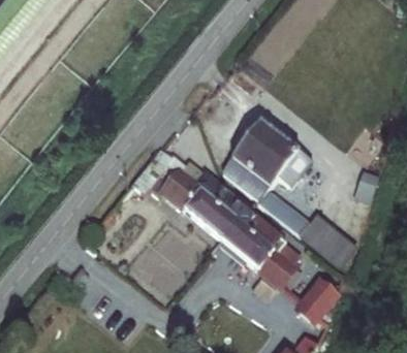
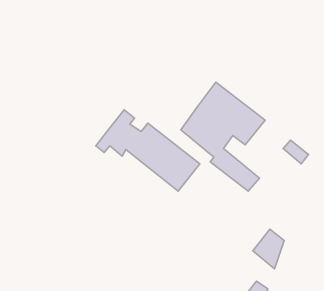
building: [218,205,303,288] -> none
building: [294,216,348,265] -> none

